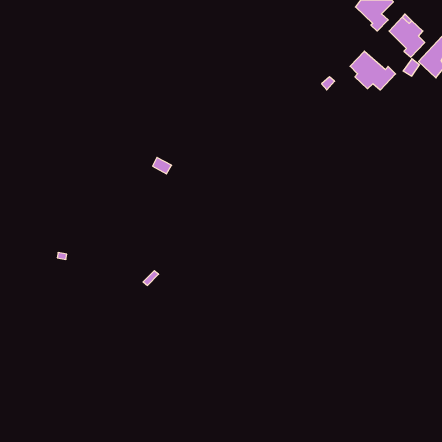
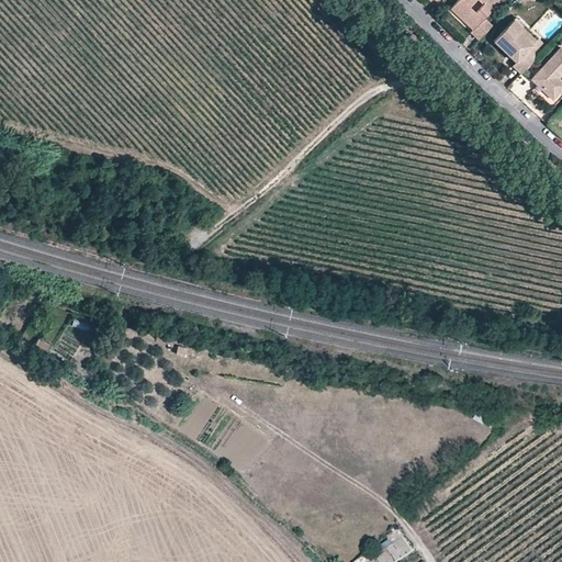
building: [350,51,396,90] -> none

